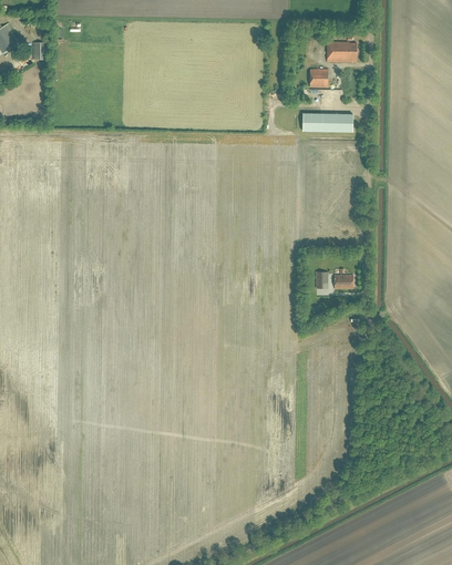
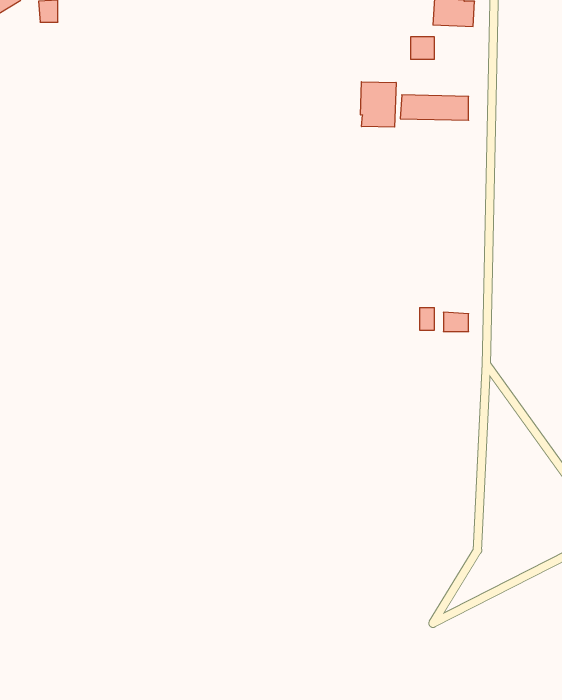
building: none -> [361,82,396,127]

